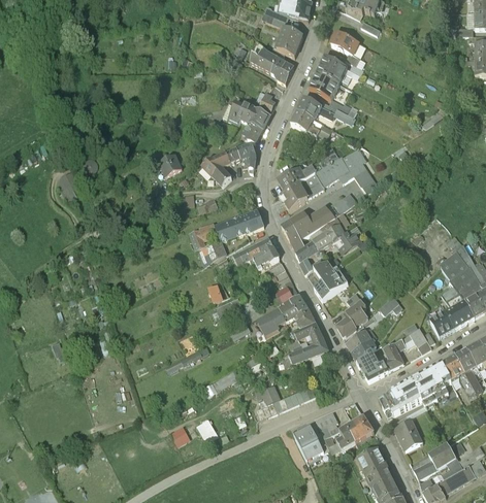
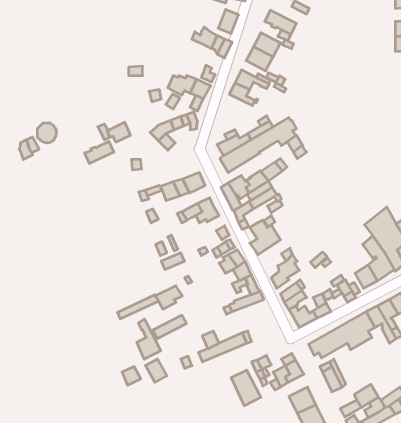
building: none -> [85,141,114,164]
building: [257,309,287,335] -> [155,286,182,309]
building: none -> [137,319,161,359]

